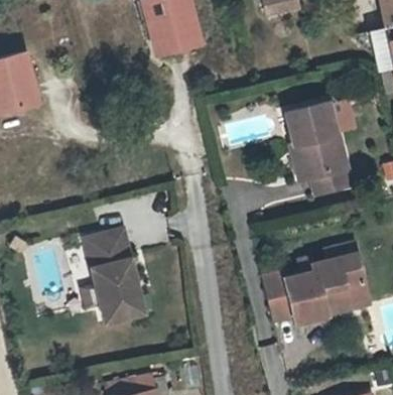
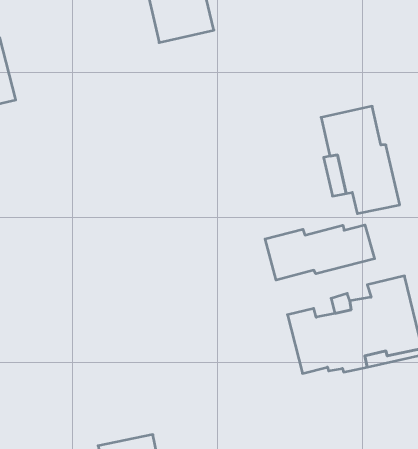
building: none -> [265,225,375,280]
building: [84,232,143,323] -> none

